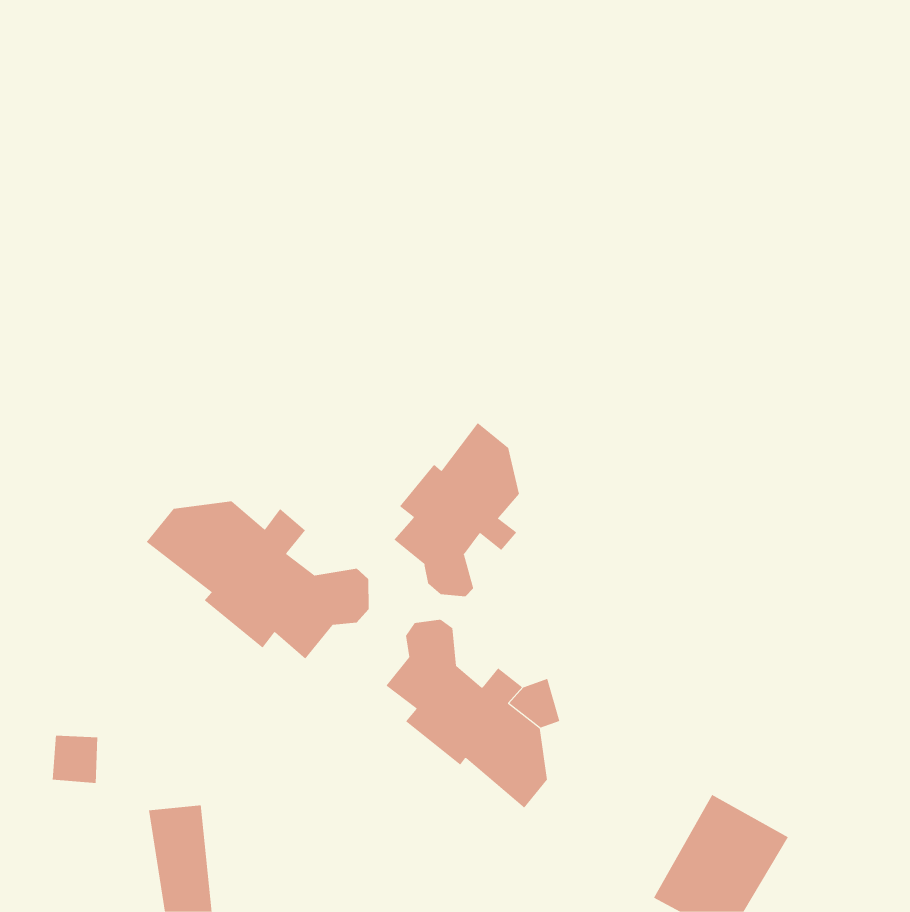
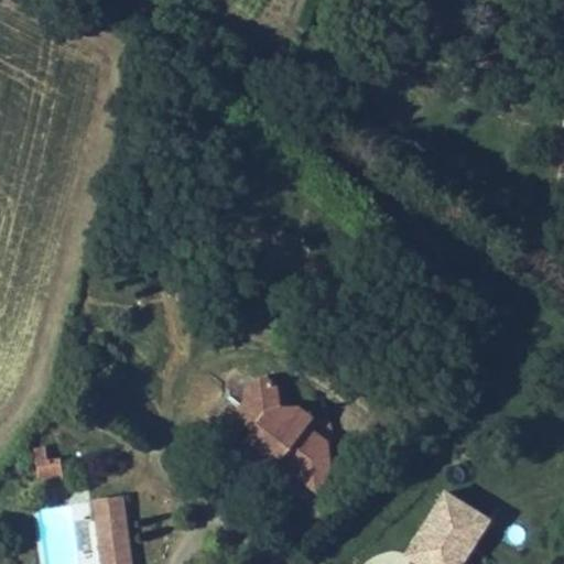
building: [393,422,519,597] -> none
building: [146,501,369,660] -> none

